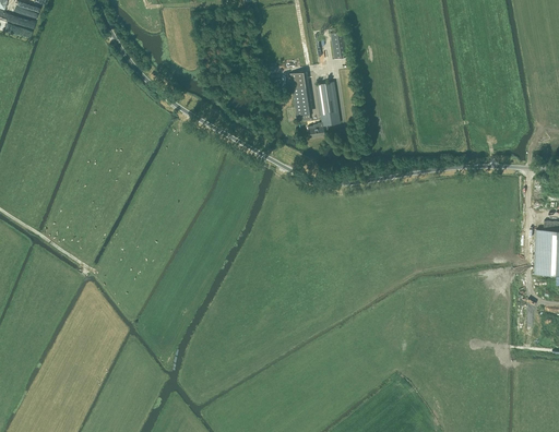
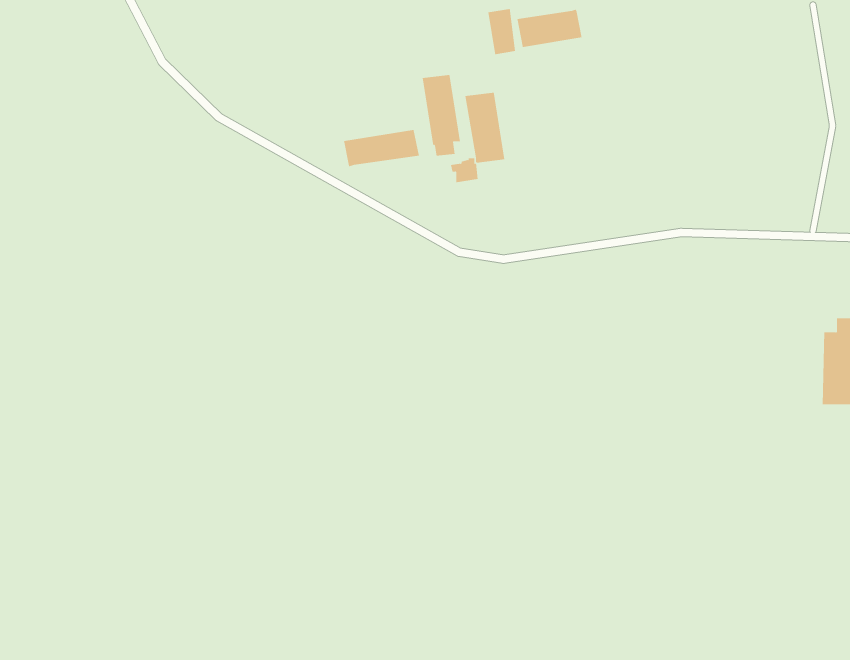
building: none -> [517,9,582,48]
building: none -> [343,129,419,167]

